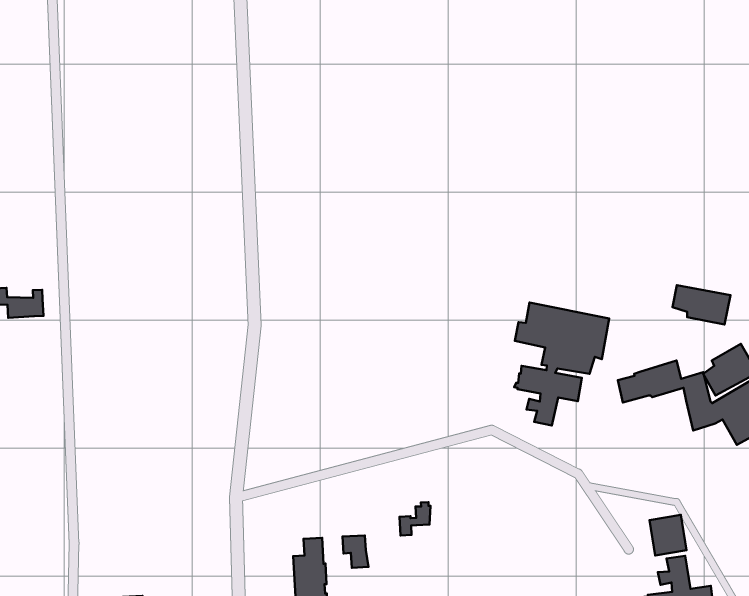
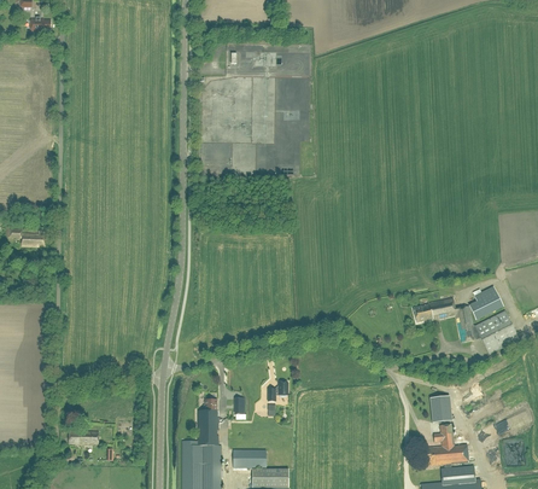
building: [672,285,731,325] -> none
building: [514,302,609,425] -> none

